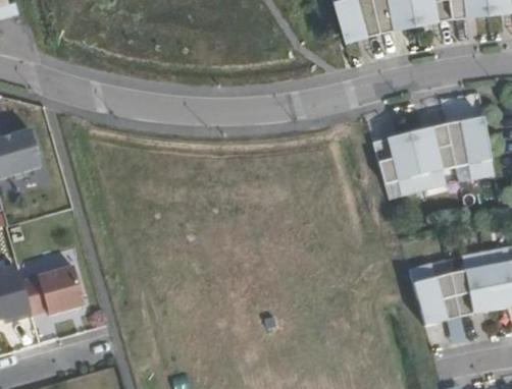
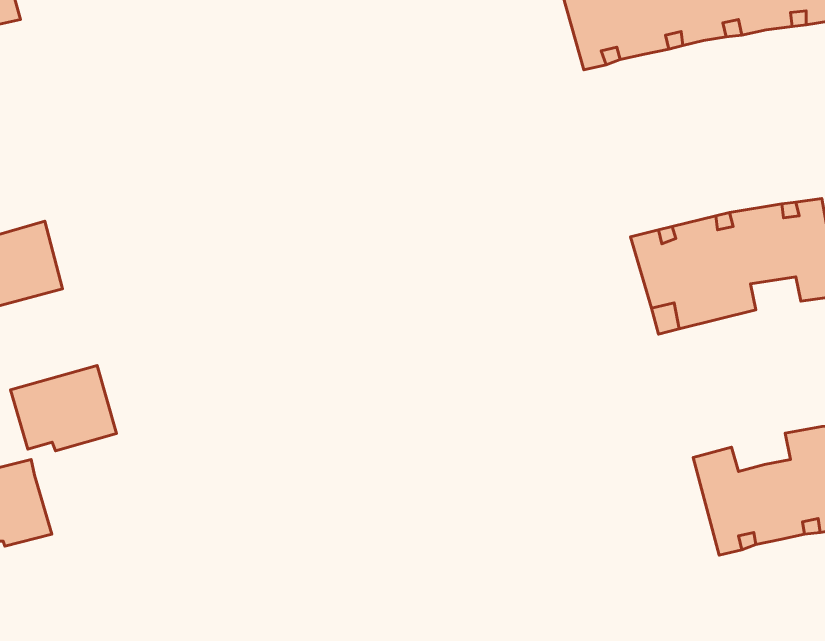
building: [22,266,85,316] -> [10,366,116,451]

